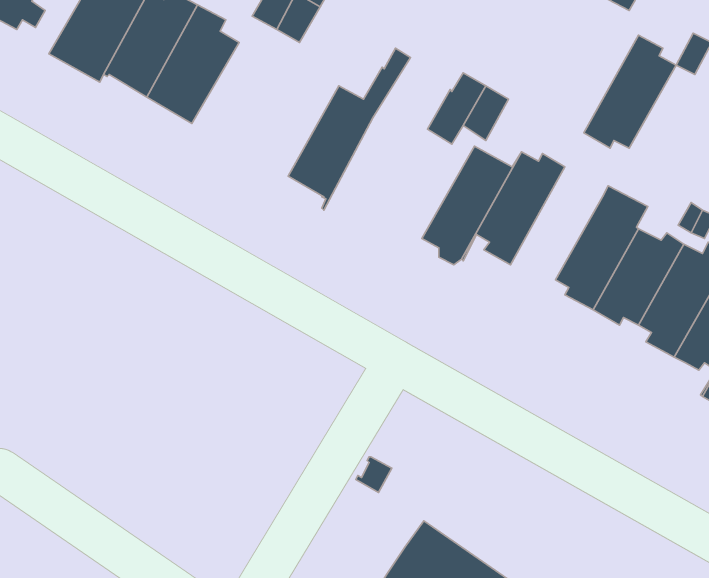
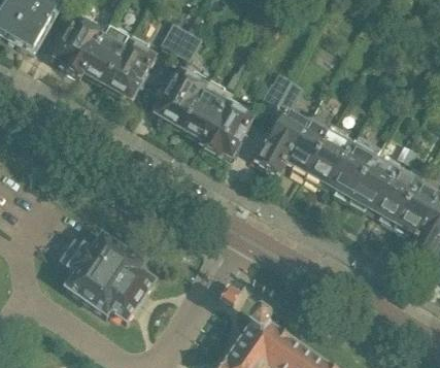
building: [584,35,676,148] -> [303,122,353,183]
building: none -> [155,68,209,127]
building: none -> [201,95,251,160]
building: none -> [60,235,153,320]

